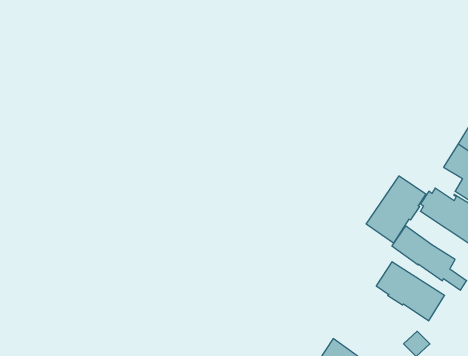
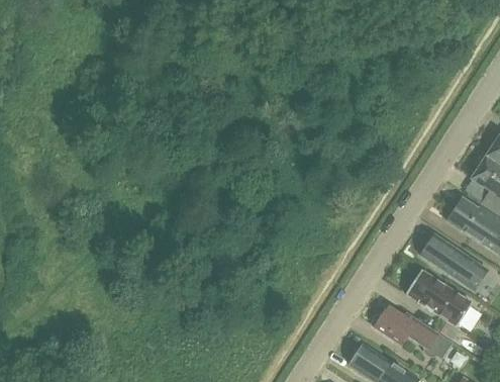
building: [366,176,426,243] -> none
building: none -> [376,305,434,348]

